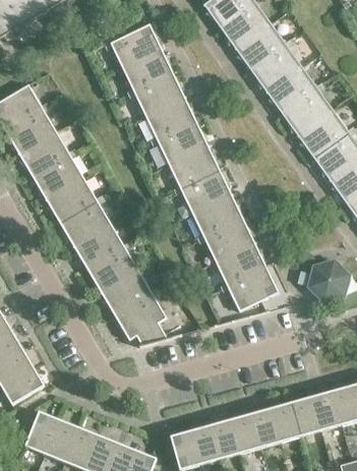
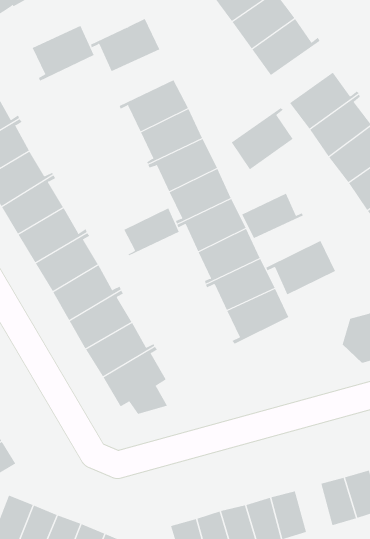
building: [251,42,302,93] -> [231,107,294,170]
building: [122,49,173,95] -> [32,25,95,82]
building: none -> [242,193,304,239]
building: none -> [123,207,179,256]
building: [222,267,279,311] -> [266,240,336,295]
building: [272,402,301,441] -> none

